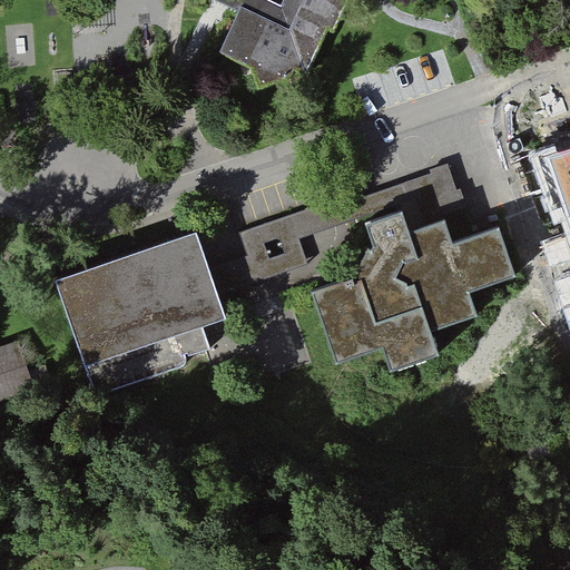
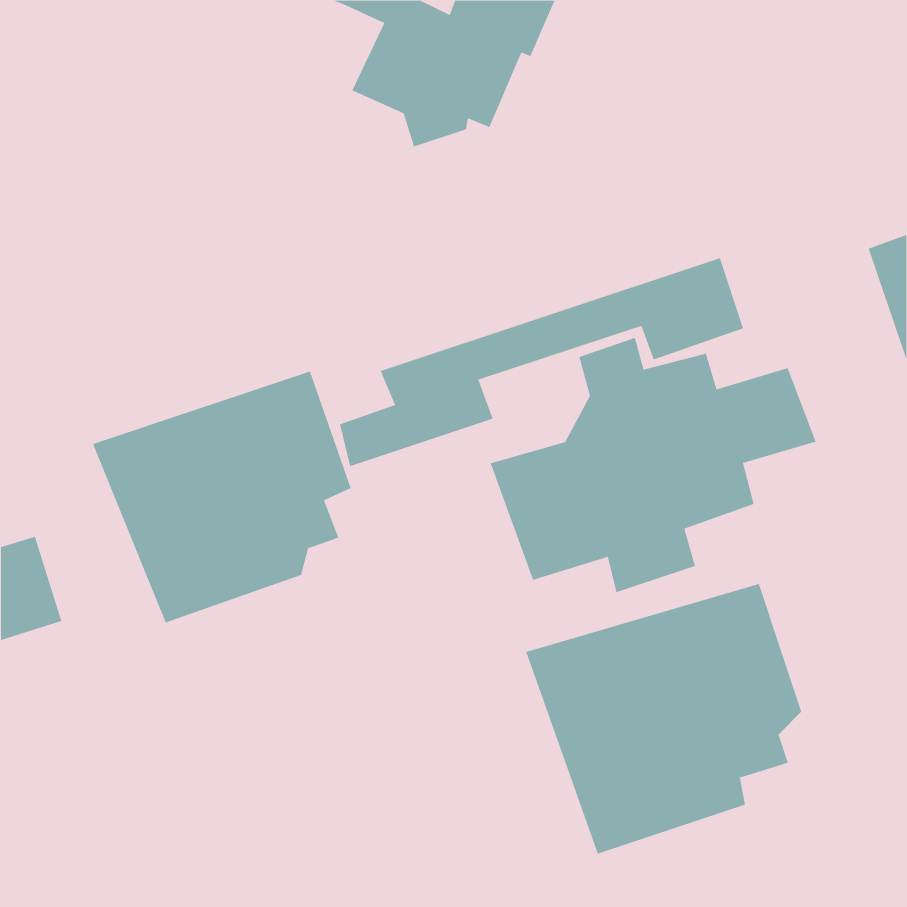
building: none -> [526,583,802,855]

